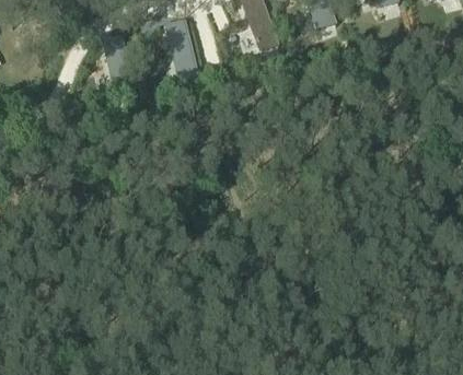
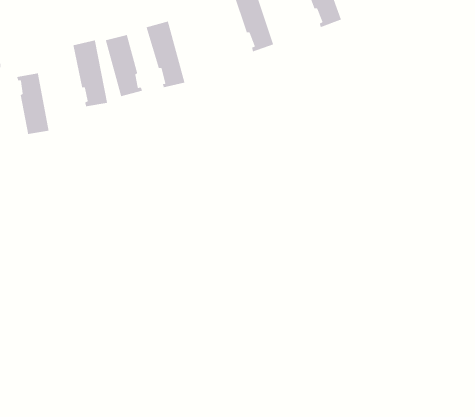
building: none -> [105,34,143,97]
building: none -> [16,73,50,135]

